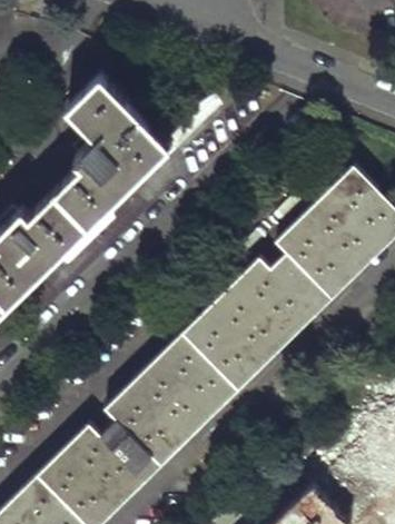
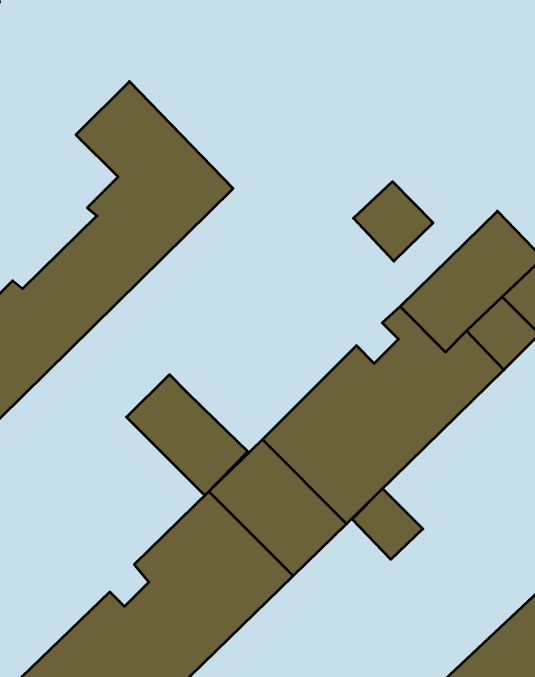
building: none -> [353,182,433,261]
building: none -> [126,375,248,495]
building: none -> [352,489,423,559]

